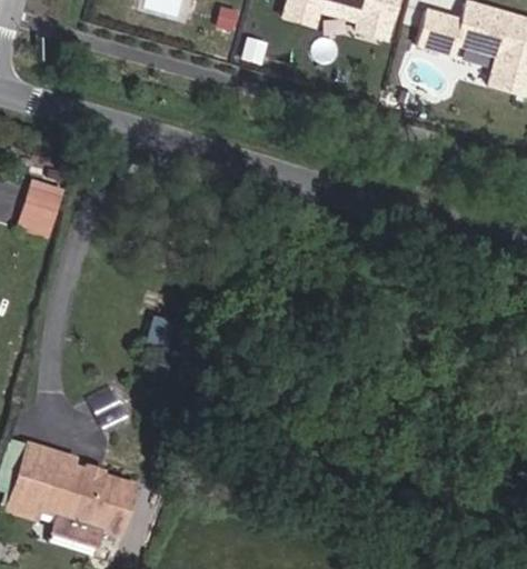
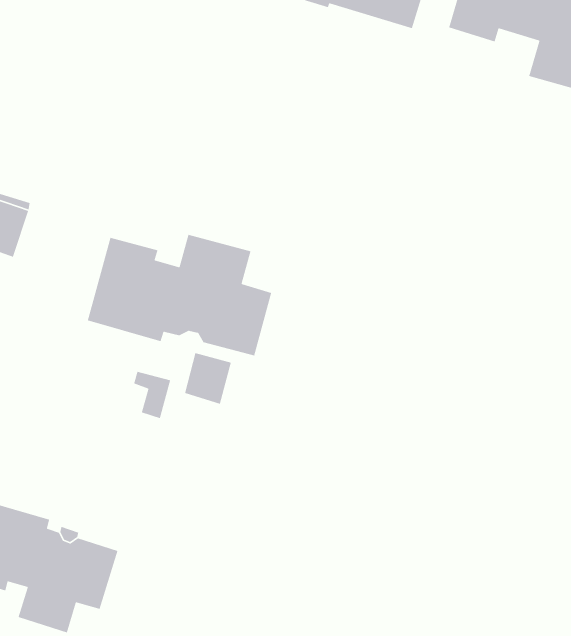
building: none -> [87,234,272,357]
building: none -> [184,352,232,405]

